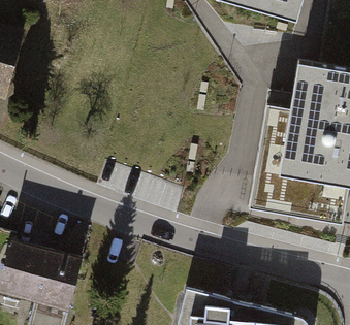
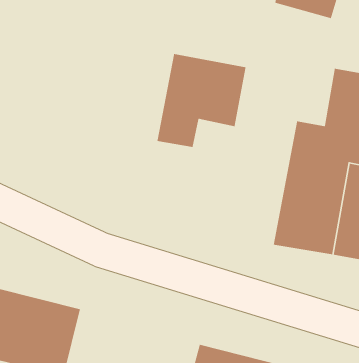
building: none -> [156,53,247,148]

